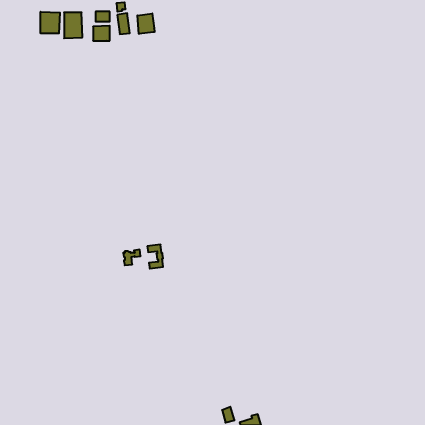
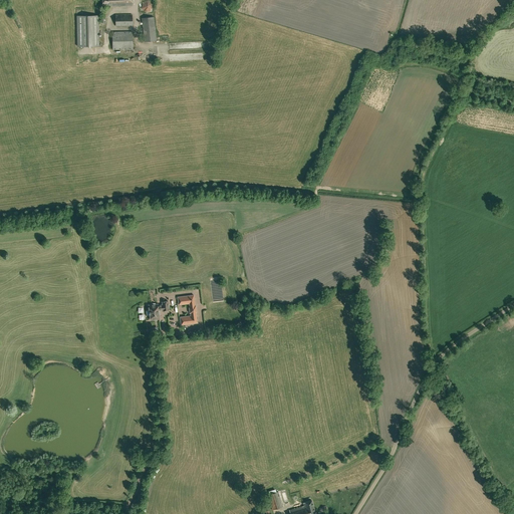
building: [41,12,60,33] -> none
building: [137,13,155,34] -> none

